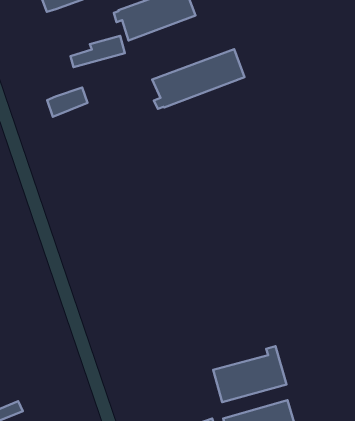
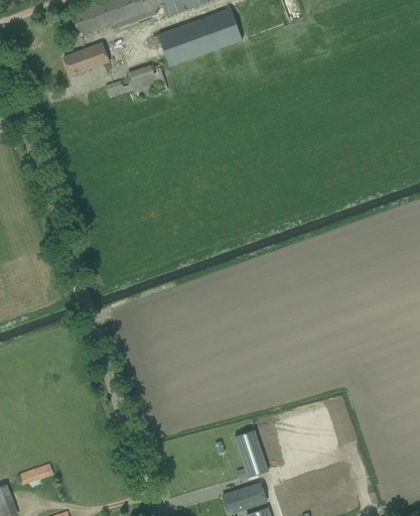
building: [152,49,244,109] -> none
building: [47,87,88,117] -> [63,43,108,76]
building: none -> [233,429,269,479]

